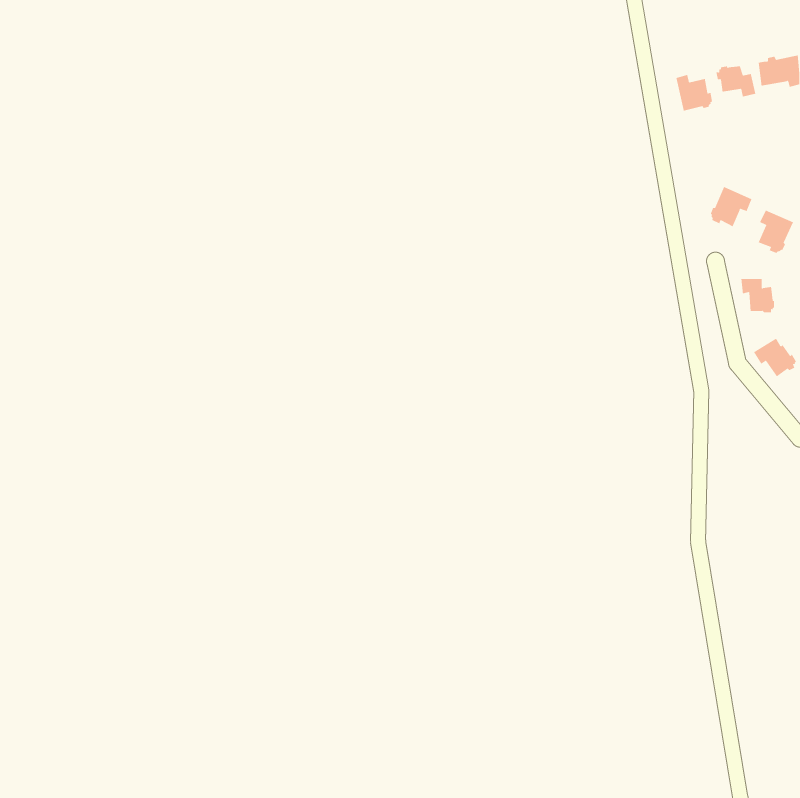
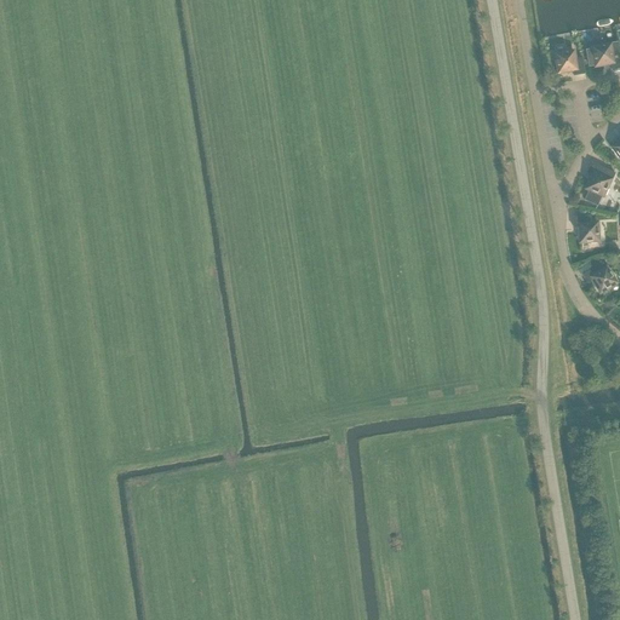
building: [676,74,713,111] -> none
building: [710,186,752,227] -> none

